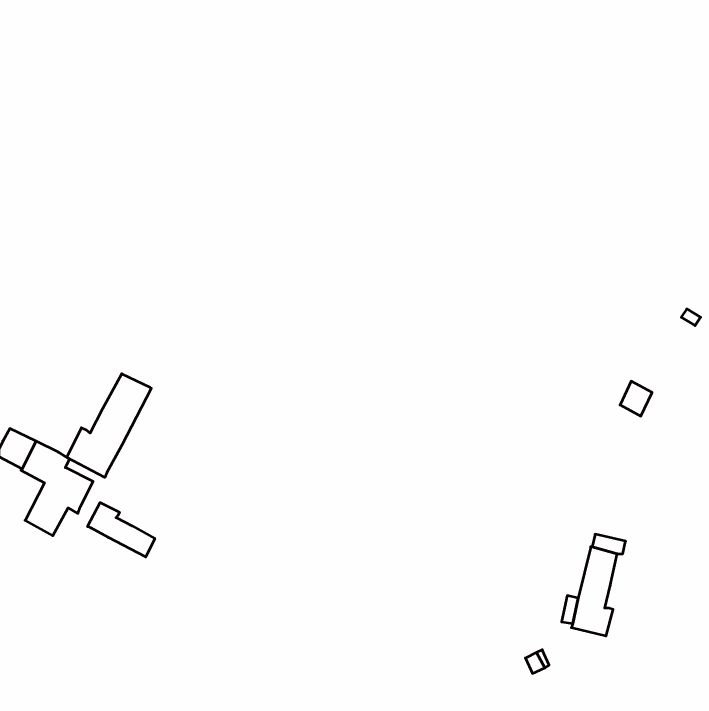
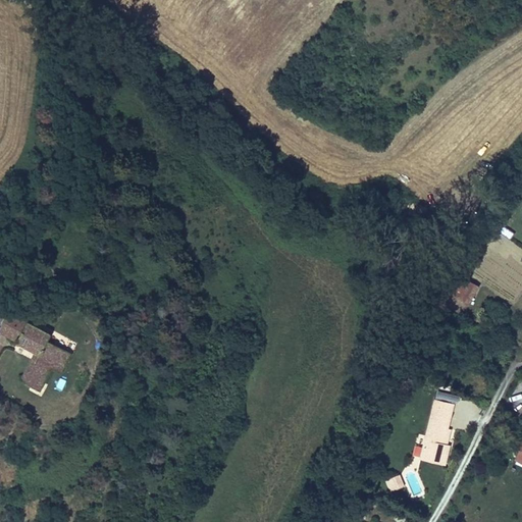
building: [67,374,151,477] -> none
building: [88,503,155,557] -> none

